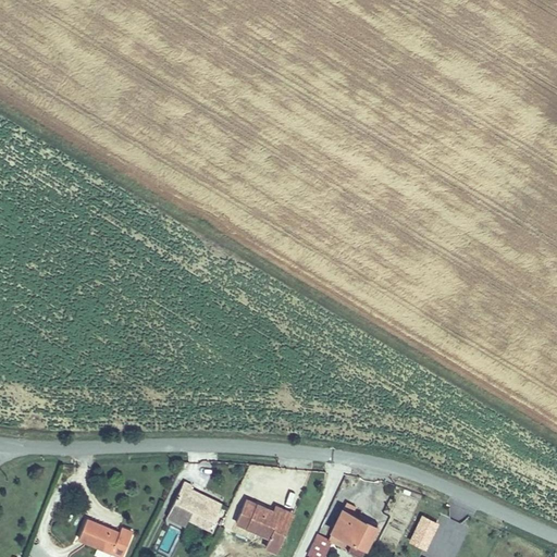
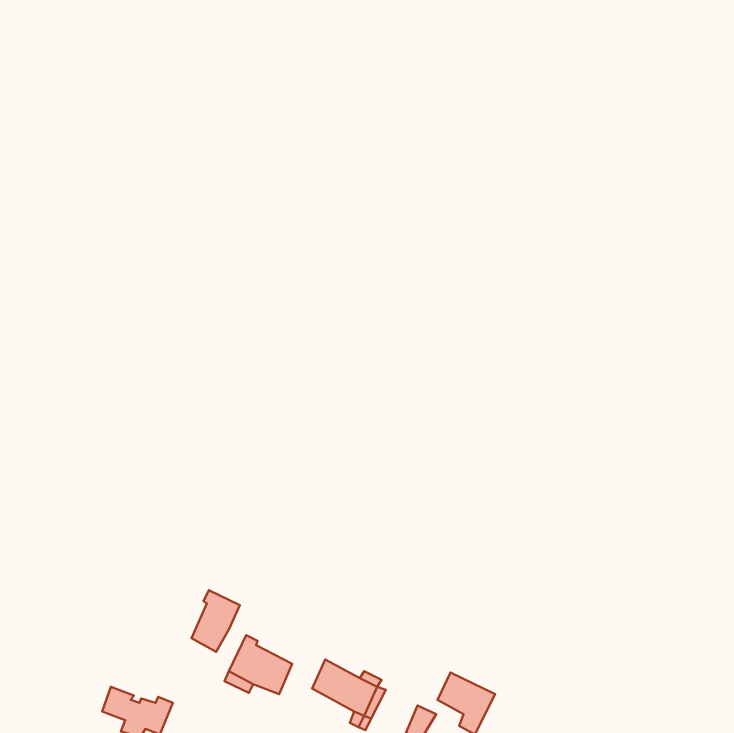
building: none -> [191,590,240,652]
building: [408,513,441,550] -> none

